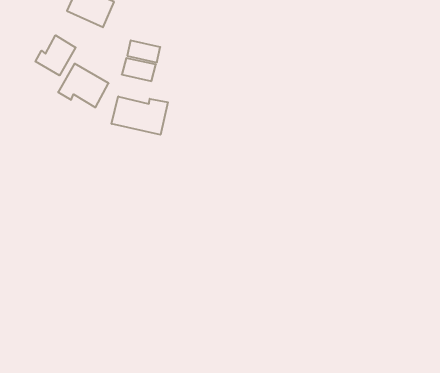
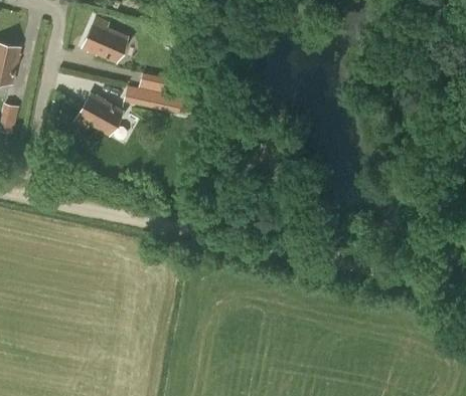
building: [35,35,76,75] -> none
building: [112,96,168,135] -> none

